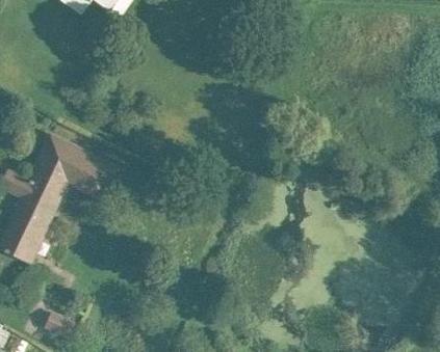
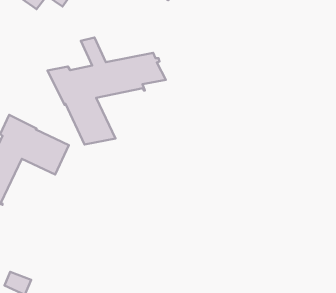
building: none -> [48,38,166,145]

